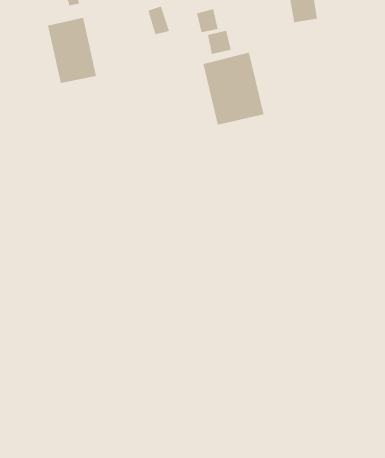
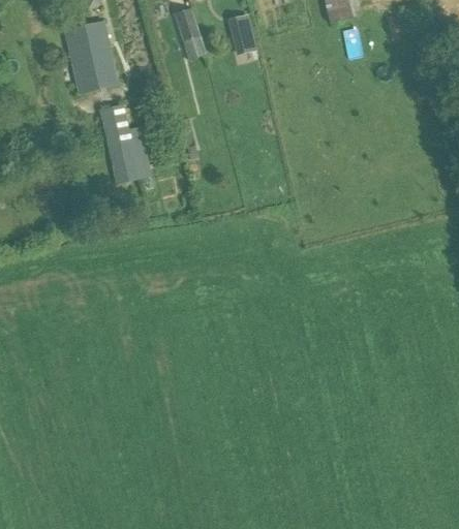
building: [203,52,264,126] -> none
building: none -> [98,103,151,184]

